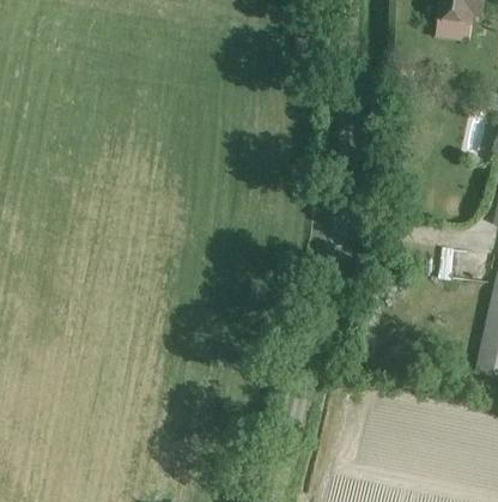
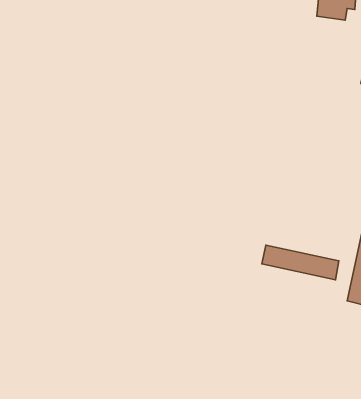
building: none -> [262,245,339,280]

